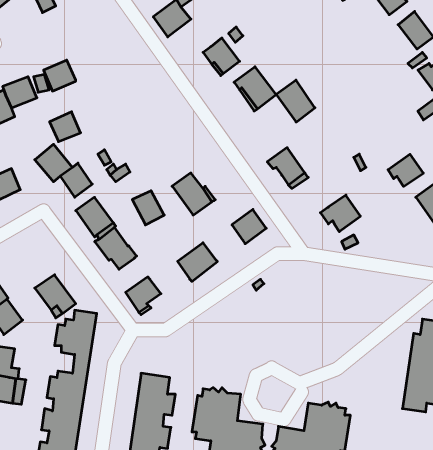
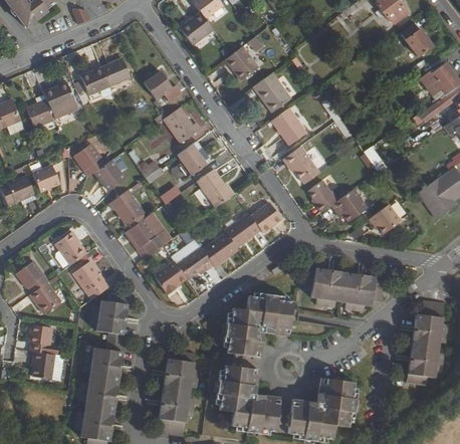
building: none -> [144,70,181,98]
building: [276,80,315,122] -> [271,107,306,146]
building: none -> [163,106,201,144]
building: [50,112,81,142] -> [101,57,130,84]
building: none -> [178,140,210,175]
building: [388,154,423,186] -> [369,204,401,233]
building: none -> [307,180,338,212]
building: none -> [224,213,261,248]
building: none -> [56,232,86,270]
building: none -> [177,248,213,280]
building: none -> [304,269,387,310]
building: none -> [223,292,295,359]

